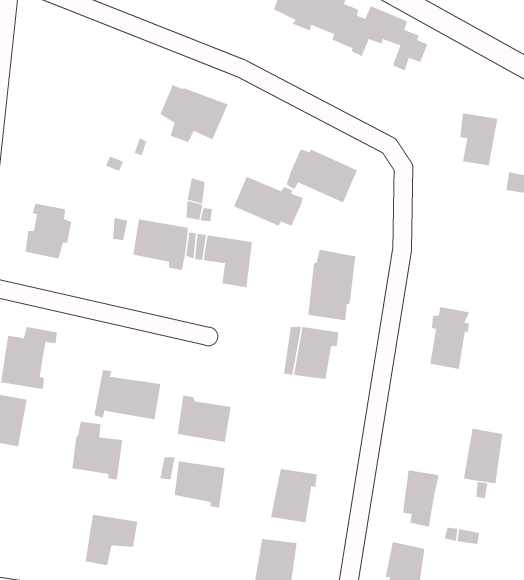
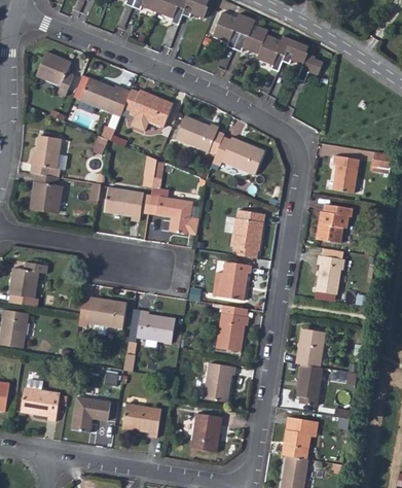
building: none -> [33,51,71,95]
building: none -> [81,77,132,115]
building: [459,113,498,166] -> [333,153,361,191]
building: none -> [29,134,65,177]
building: [233,176,303,226] -> [175,114,225,150]
building: none -> [317,204,356,242]
building: none -> [216,305,249,350]
building: [71,421,123,480] -> [22,379,59,421]
building: [463,428,503,484] -> [297,327,326,368]
building: [174,461,225,508] -> [123,402,160,435]

